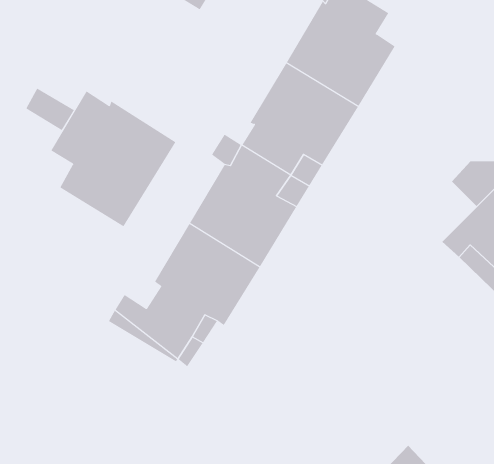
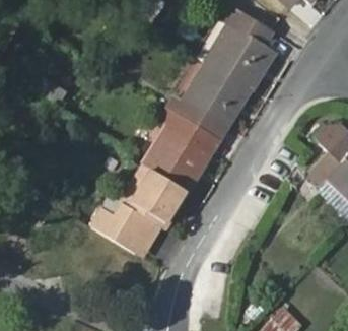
building: [50,90,176,227] -> none

